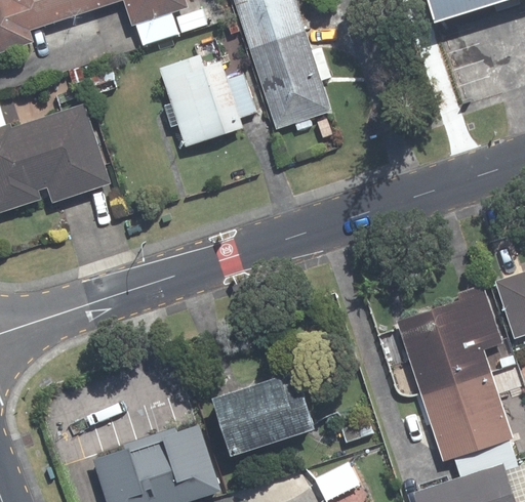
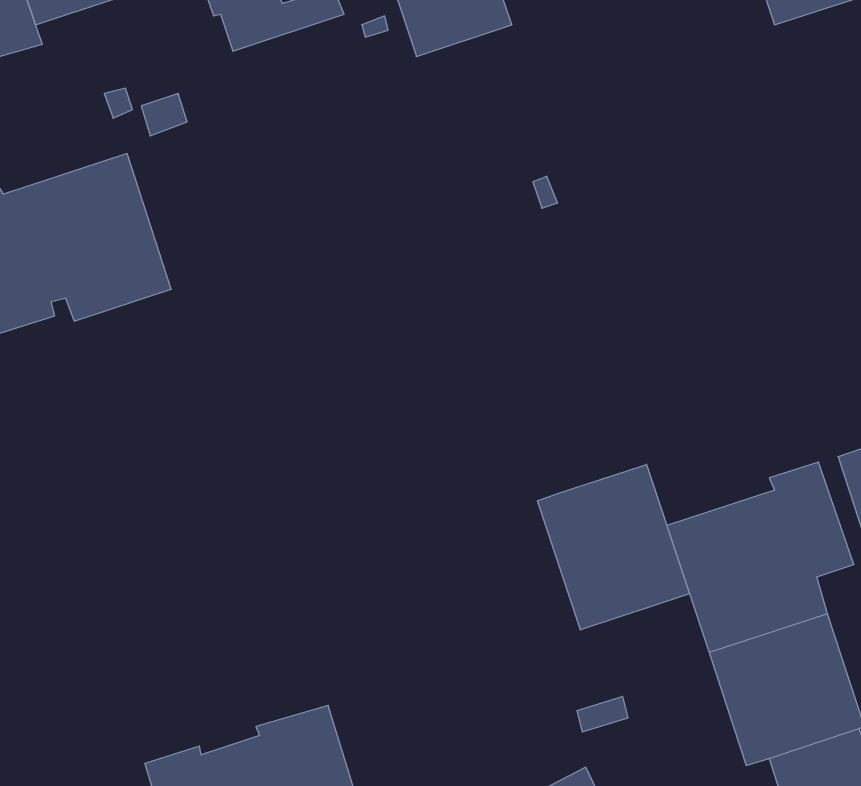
building: [250,30,331,127] -> none
building: [159,56,255,145] -> none
building: none -> [538,464,690,630]
building: [206,378,309,456] -> none

